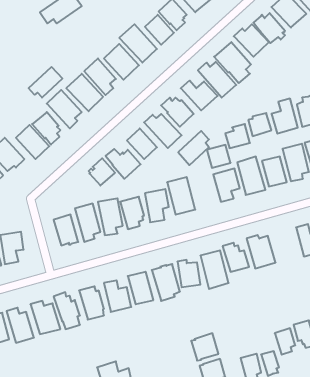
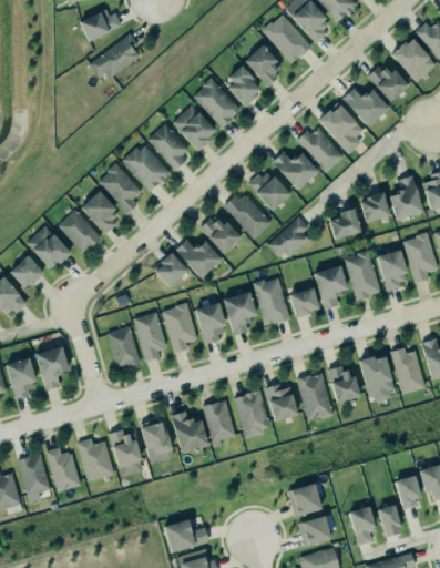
building: [29,67,62,98] -> none
building: [207,145,231,168] -> [289,288,320,318]
building: none -> [391,348,426,395]

